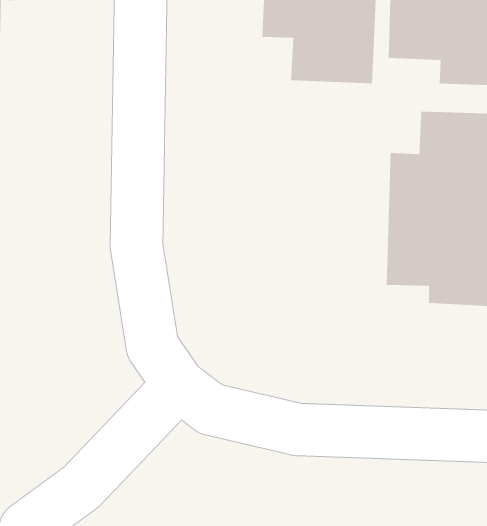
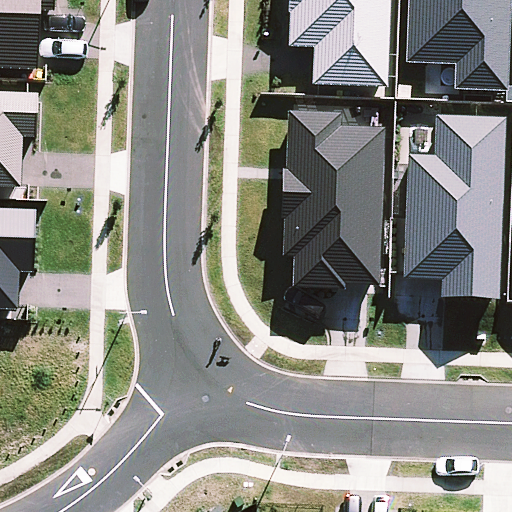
building: none -> [282,109,385,286]

